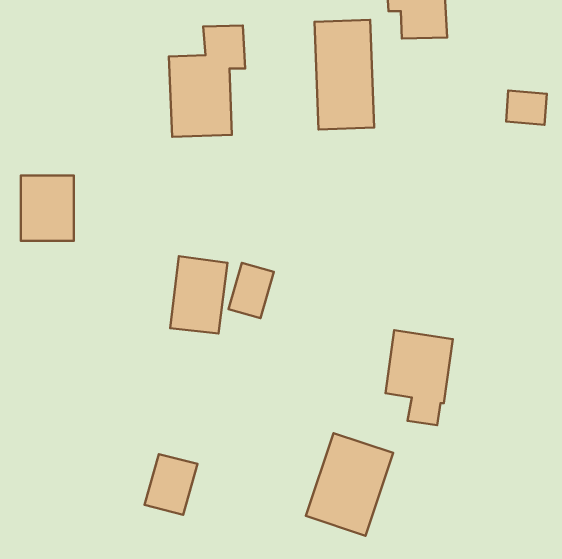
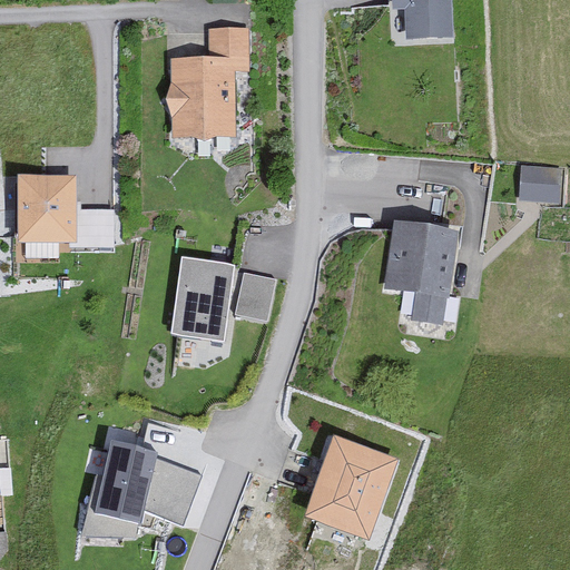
building: [315,20,374,129] -> none
building: [506,91,547,125] -> [519,165,560,199]
building: [385,330,453,425] -> [386,223,454,318]
building: none -> [96,444,151,521]

